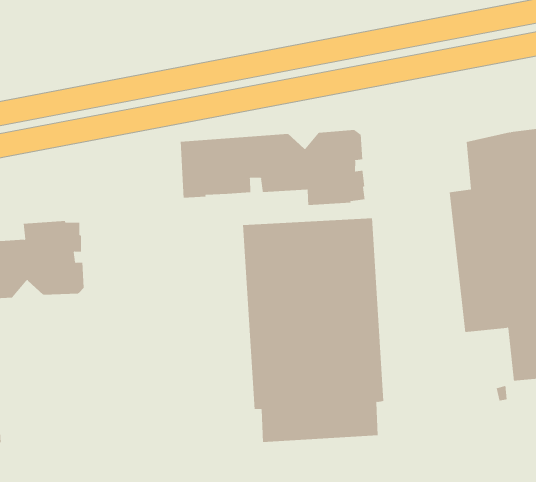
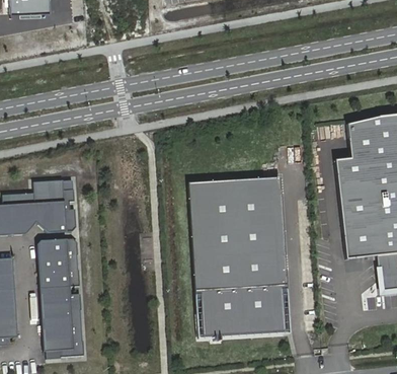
building: [180,129,365,206] -> none
building: none -> [37,238,84,359]

